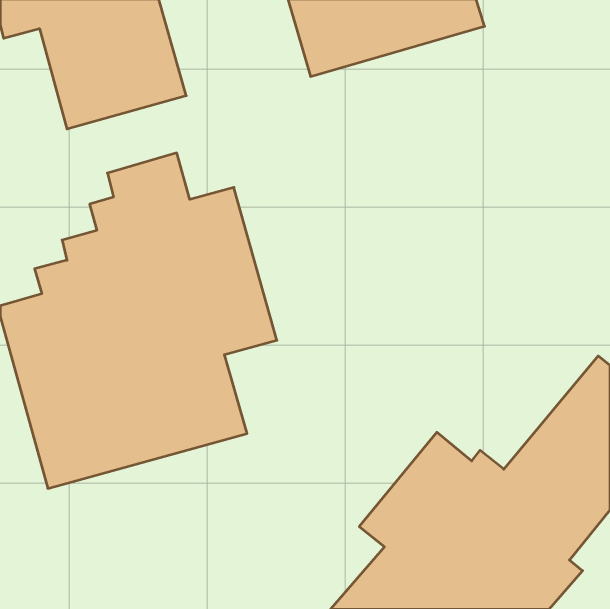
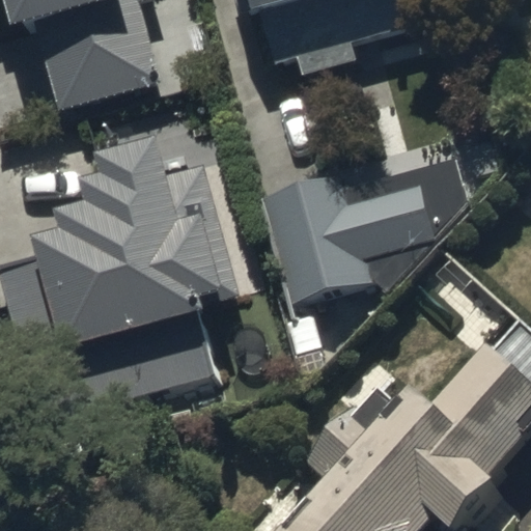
building: none -> [261,157,472,309]

